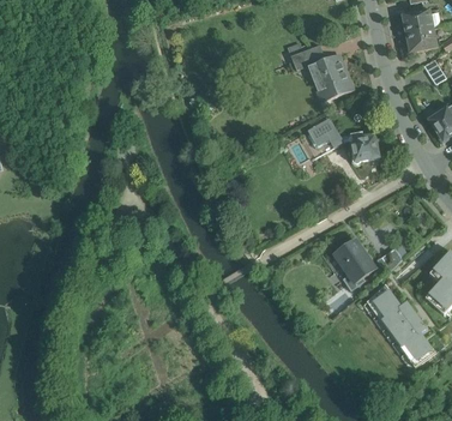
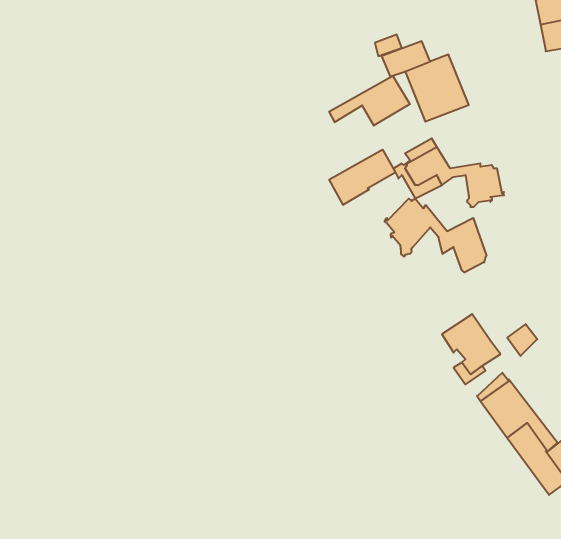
building: none -> [329,75,410,126]
building: none -> [329,150,395,205]
building: none -> [385,199,486,272]

